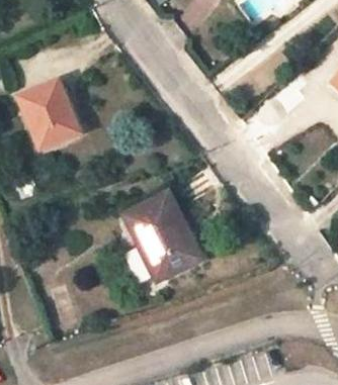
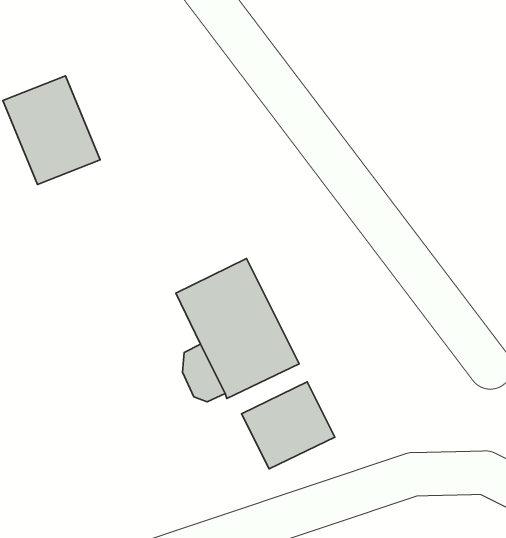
building: none -> [242,382,335,469]

